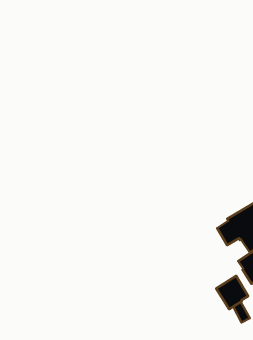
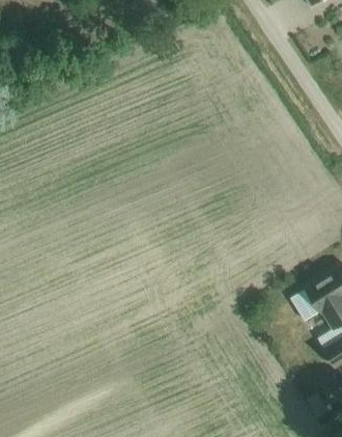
building: [216,276,248,309] -> none

